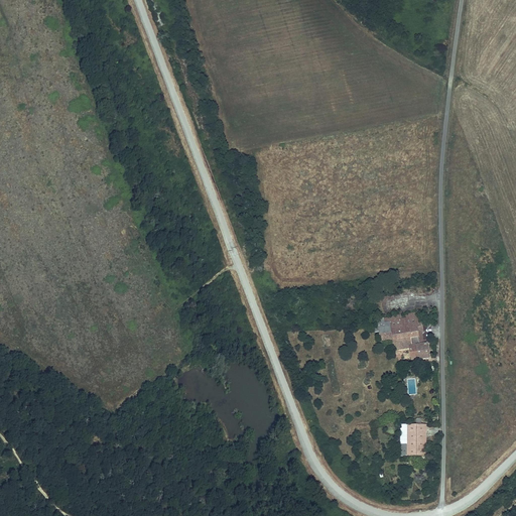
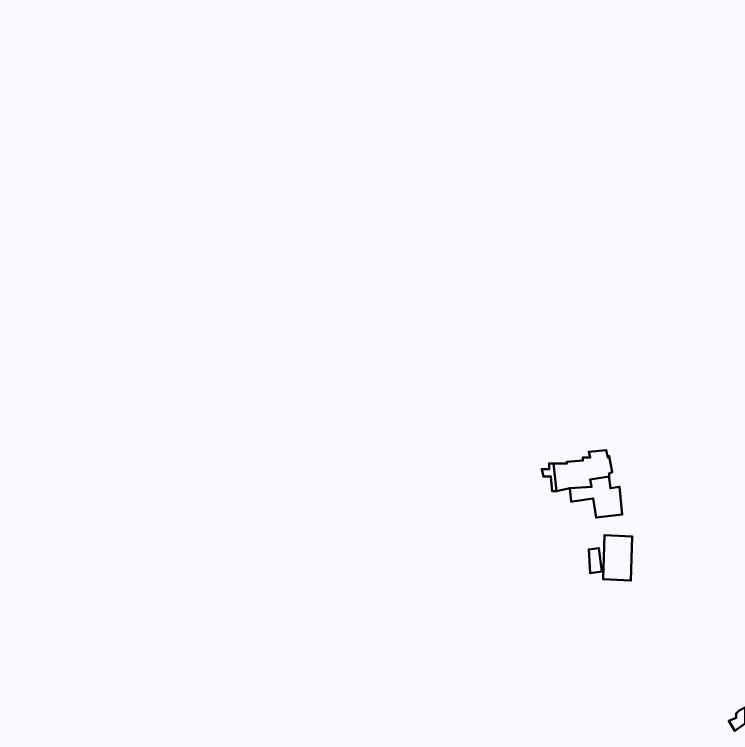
building: [403,423,423,455] -> [603,535,632,581]

